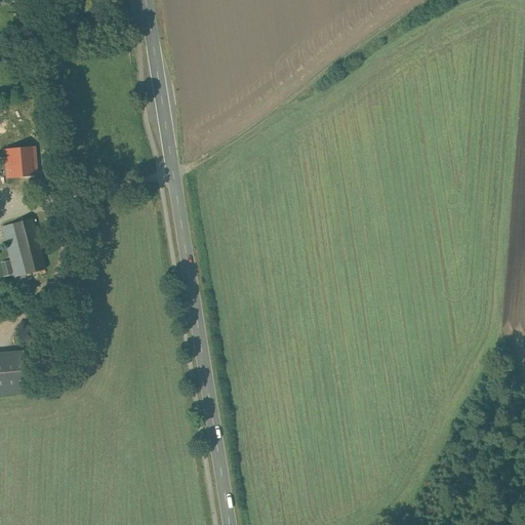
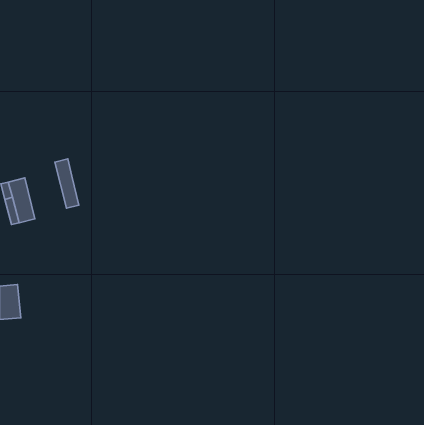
building: [5,147,34,176] -> none
building: none -> [55,159,79,208]

